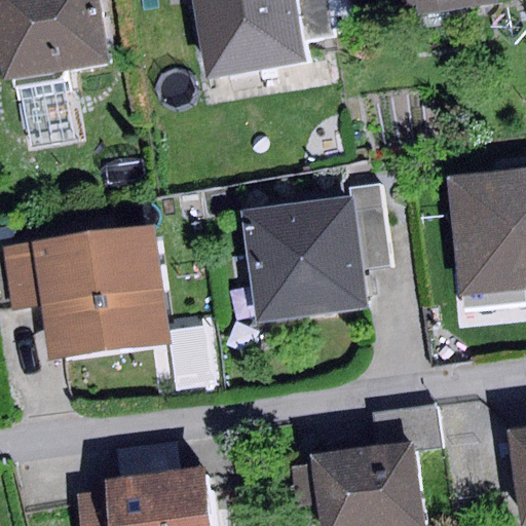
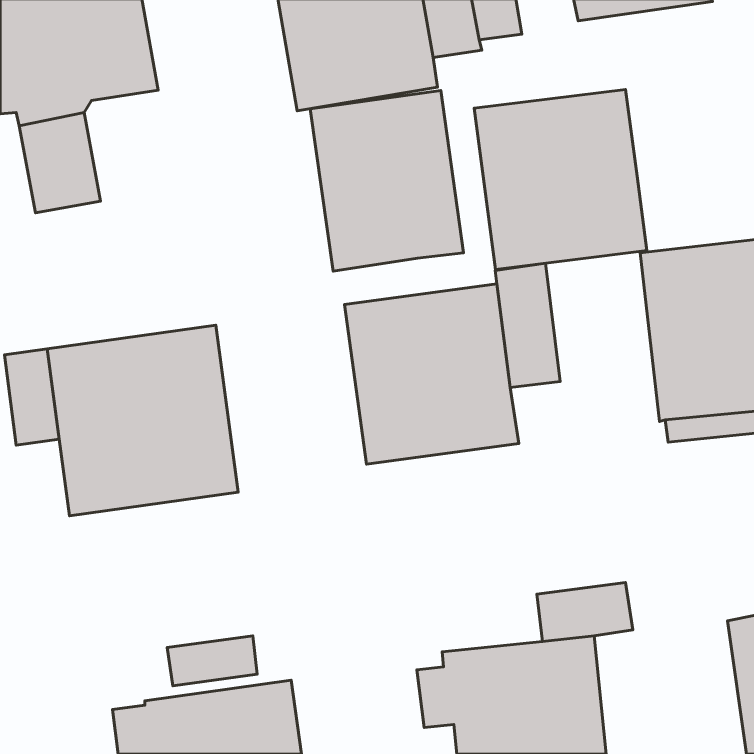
building: none -> [474,89,647,269]
building: none -> [310,91,464,271]

